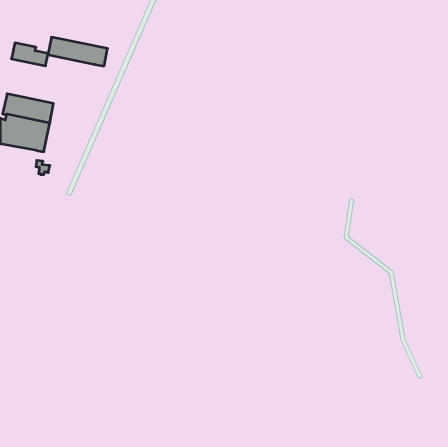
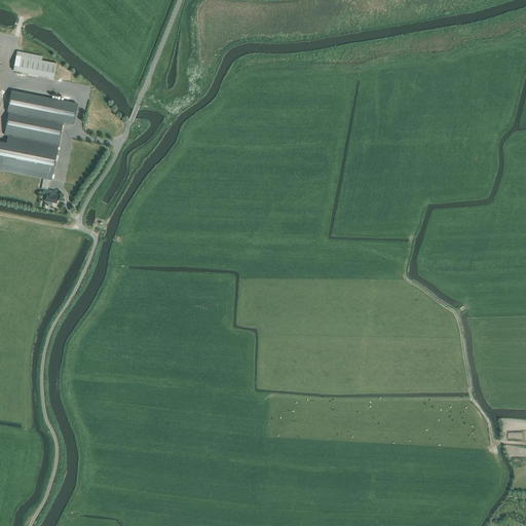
building: [48,37,108,66] -> [7,89,77,123]

